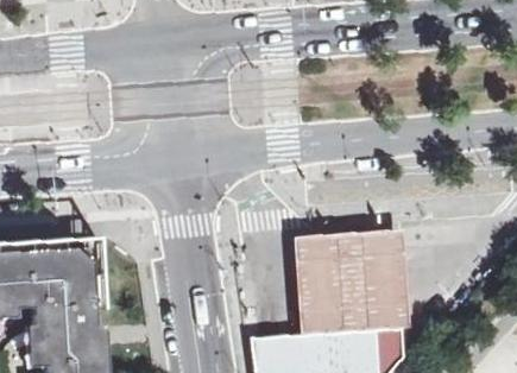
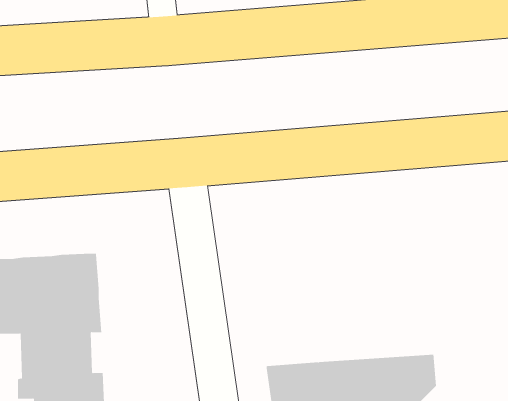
building: [295,236,408,335] -> none

